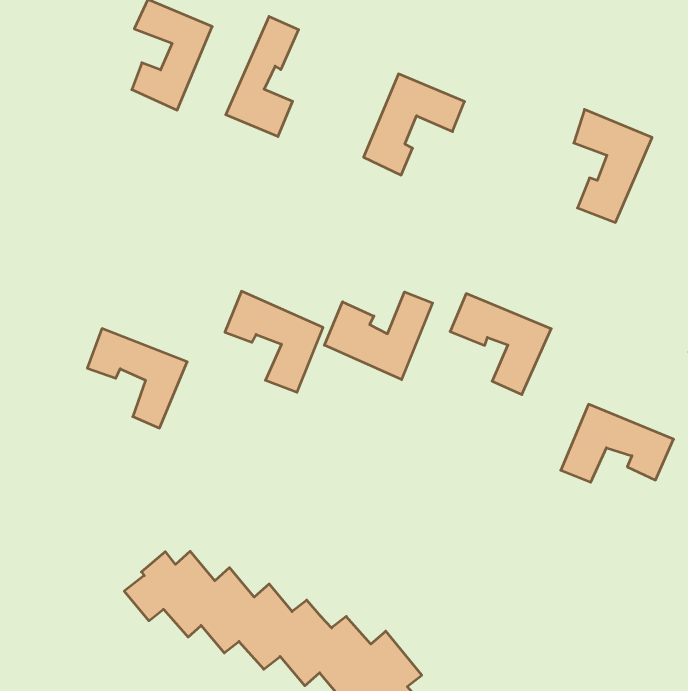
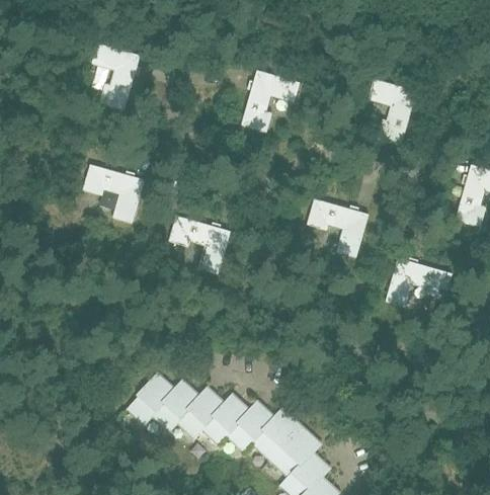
building: [226,16,299,137] -> none
building: [324,292,433,380] -> none
building: [87,329,187,428] -> [83,164,144,221]

